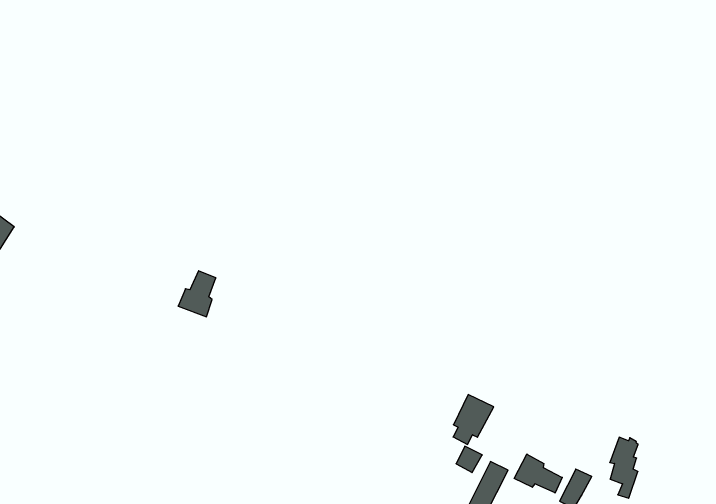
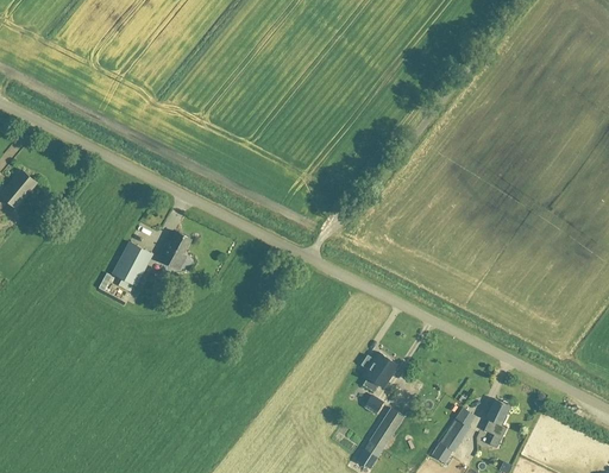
building: none -> [112,242,151,286]
building: [514,454,562,493] -> none

